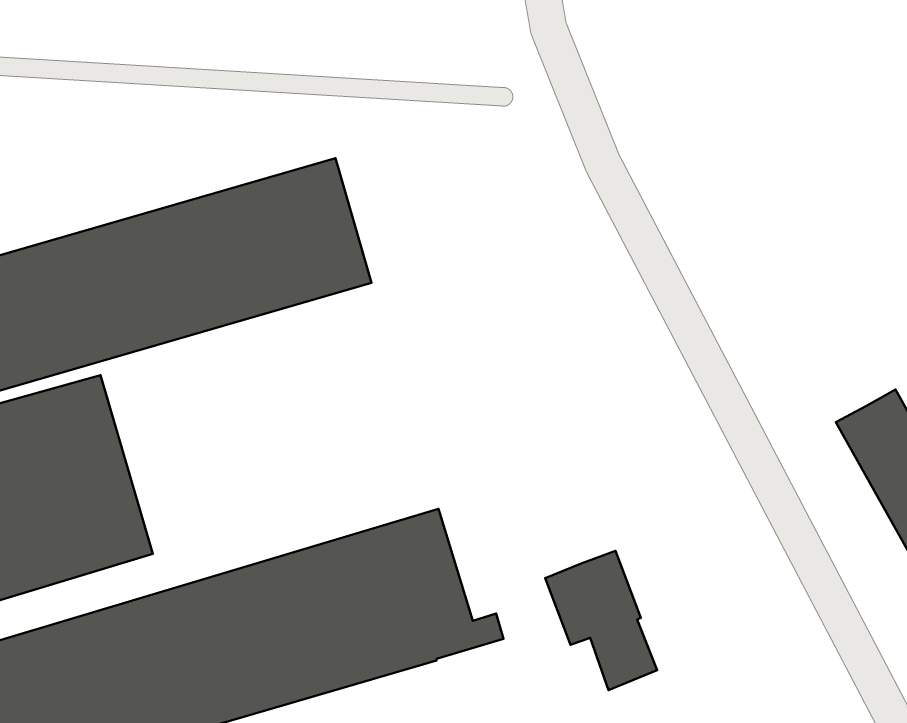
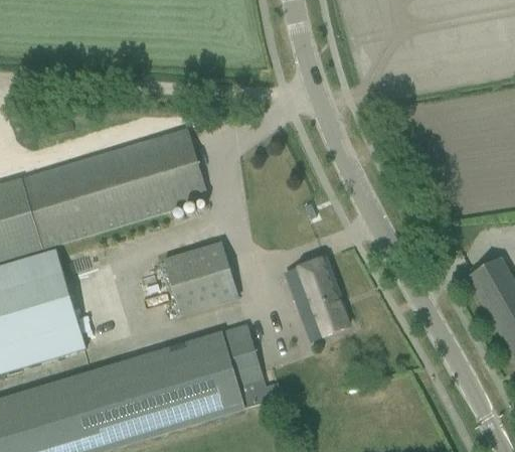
building: none -> [161,234,239,318]
building: [545,551,657,690] -> [286,258,348,335]

